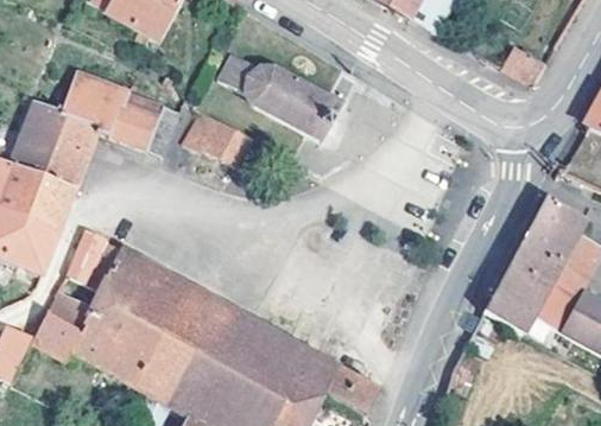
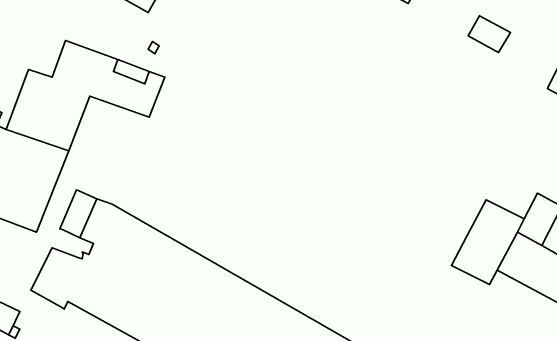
building: [219,53,342,140] -> none
building: [181,109,264,172] -> none
building: [519,195,583,261] -> none

